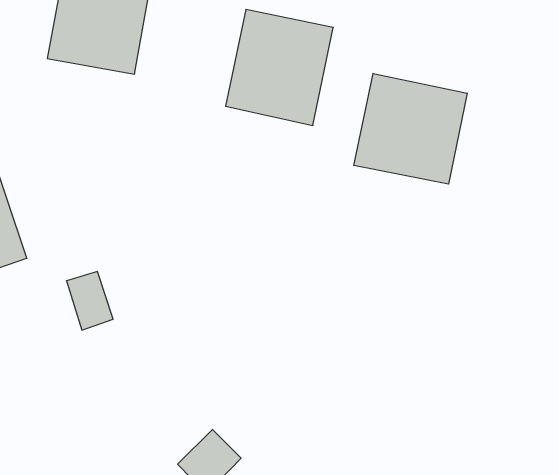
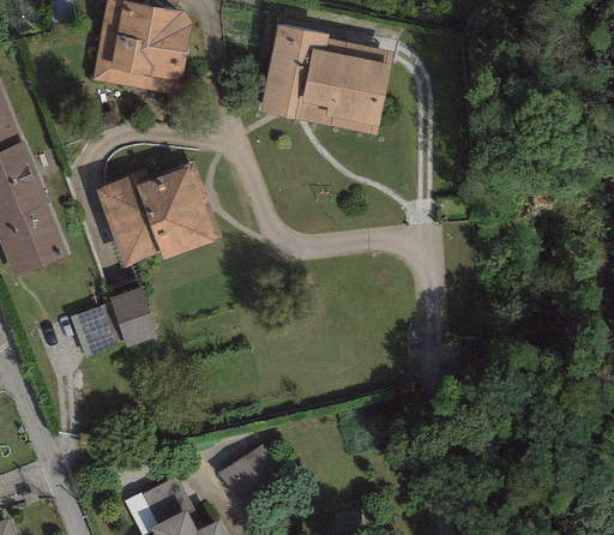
building: [354,73,467,184] -> none
building: none -> [95,157,218,270]
building: none -> [77,300,121,349]

